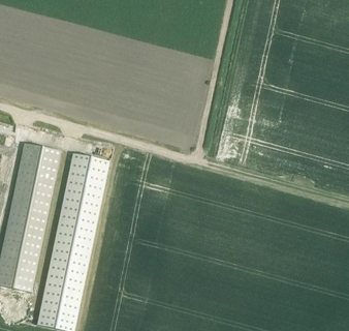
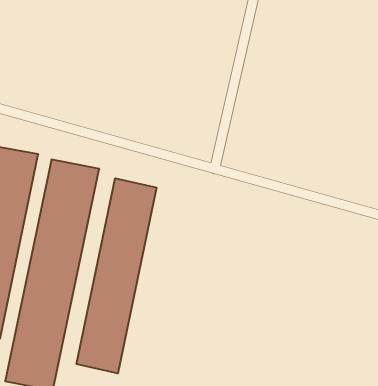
building: none -> [76,178,157,373]

